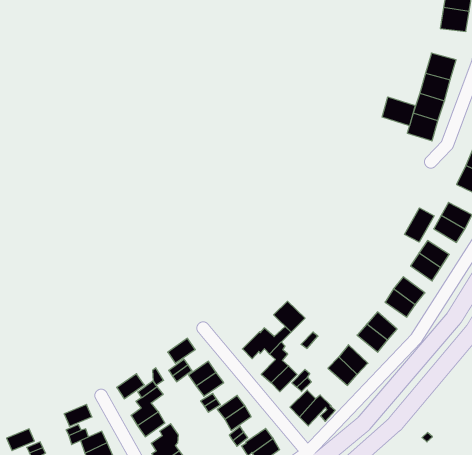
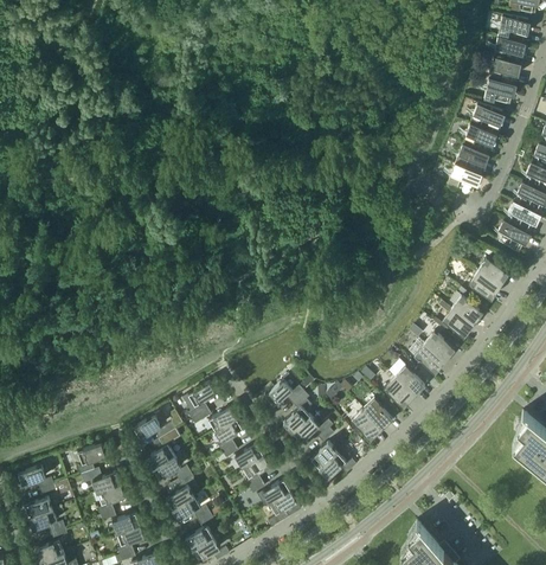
building: none -> [484,79,514,105]
building: [382,97,415,126] -> none
building: [405,208,434,242] -> none
building: [274,301,305,332] -> none

